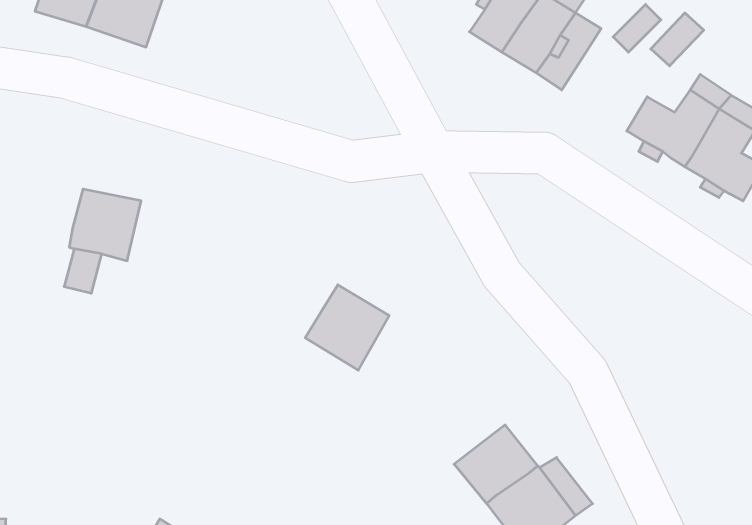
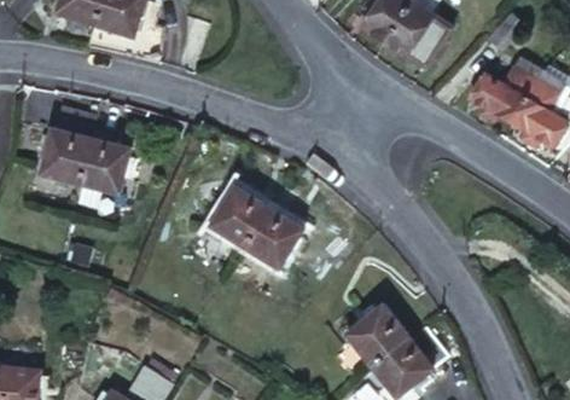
building: none -> [39,128,86,179]
building: none -> [209,185,266,243]

